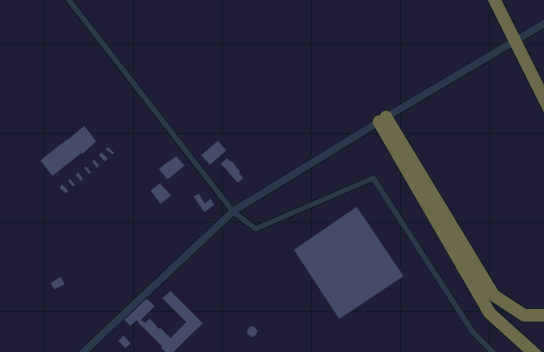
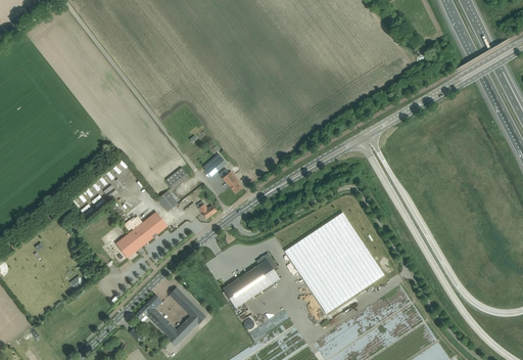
building: [40,125,97,177] -> [115,212,167,258]
building: none -> [223,254,278,307]

